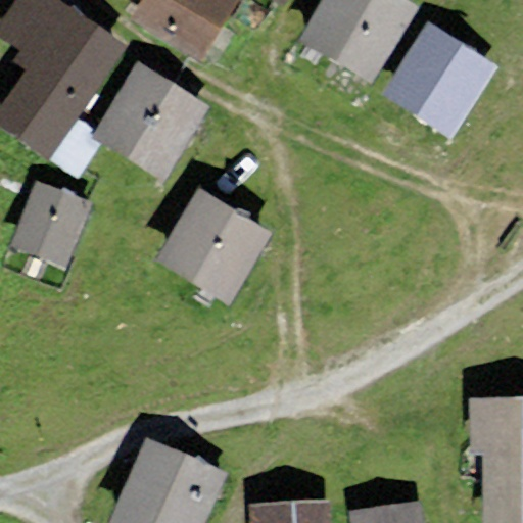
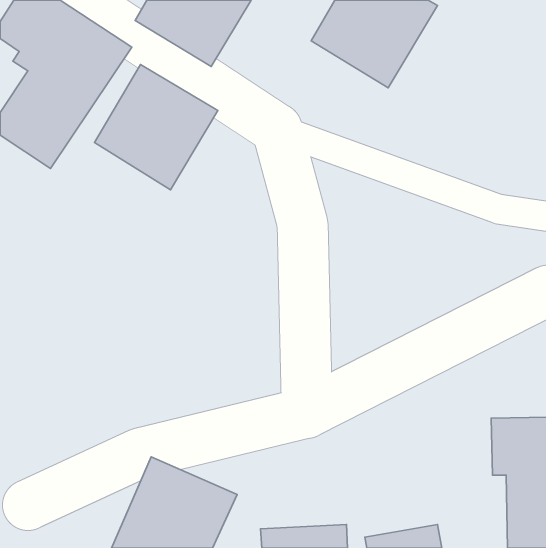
building: [383,22,496,137] -> none
building: [11,181,91,267] -> none
building: [153,188,272,305] -> none

